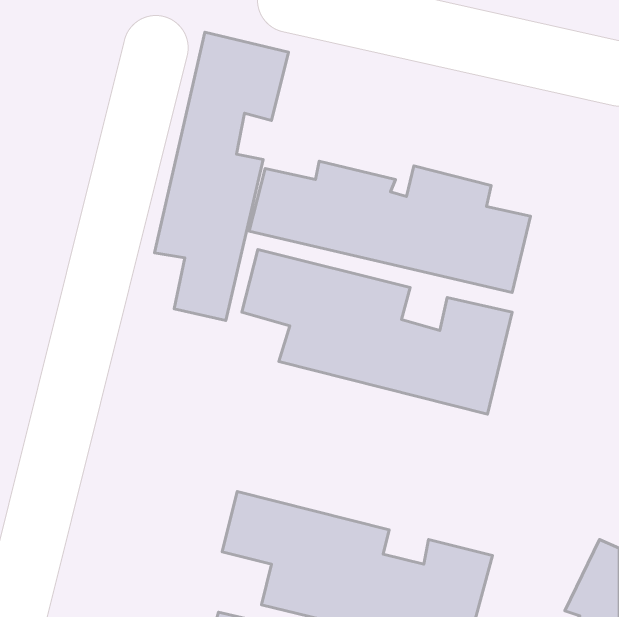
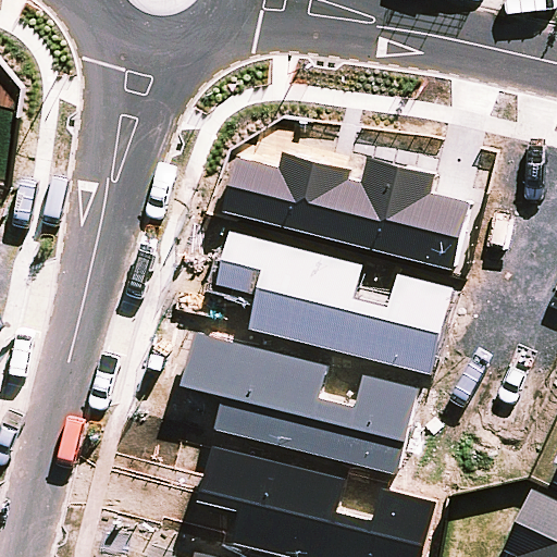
building: [154,32,289,320] -> none
building: none -> [181,331,418,475]

